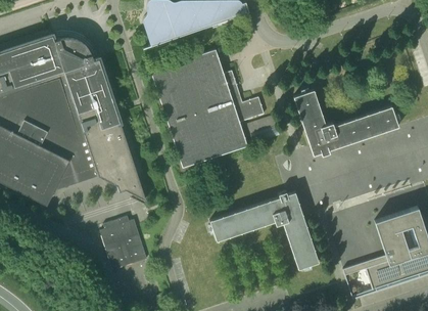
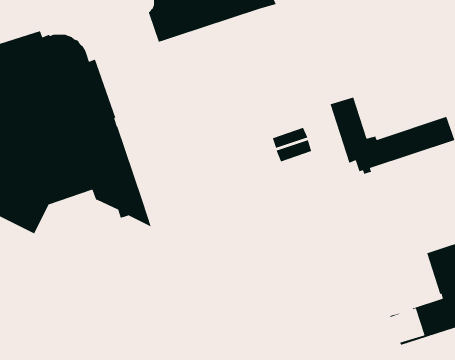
building: [151,49,265,168] -> none
building: [210,191,320,269] -> none
building: [100,216,147,270] -> none

